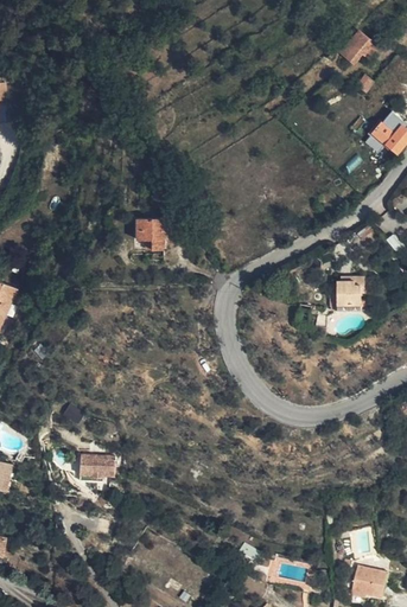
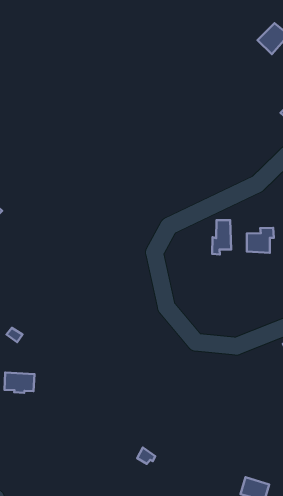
building: [138,223,168,256] -> none
building: none -> [212,220,231,254]

